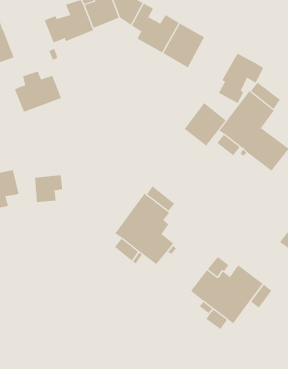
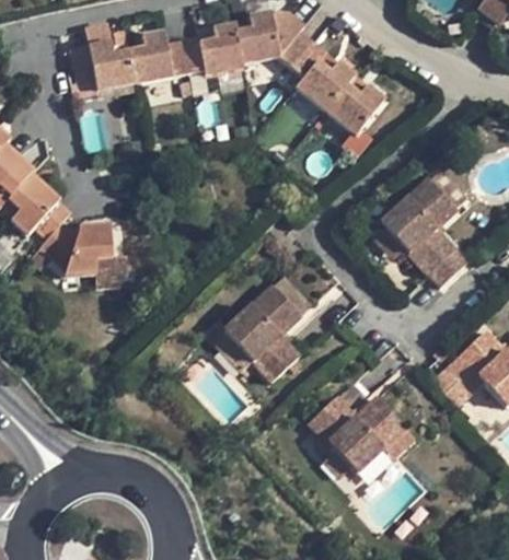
building: [218,52,264,104] -> none
building: [14,71,62,113] -> [129,33,188,83]
building: [184,102,226,146] -> none
building: [35,175,63,203] -> none

